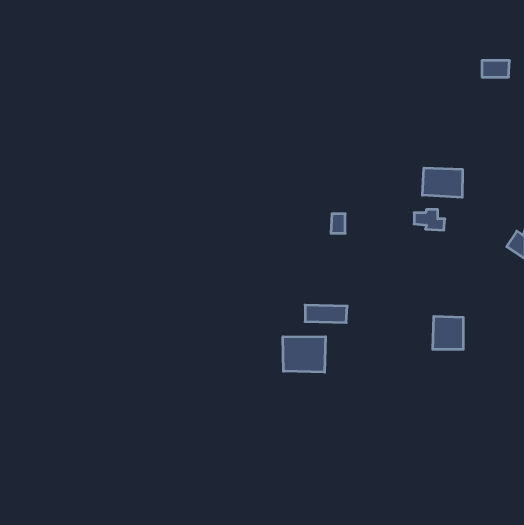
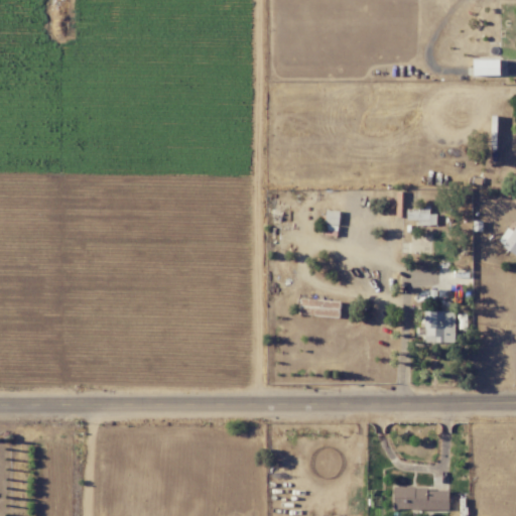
building: [422,168,462,197] -> none
building: [283,337,326,372] -> none
building: none -> [394,487,449,510]

